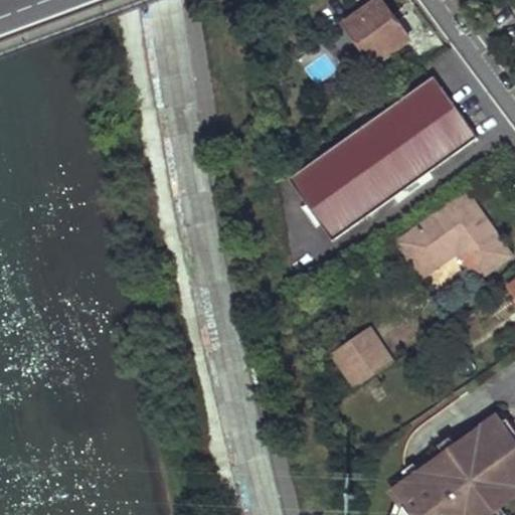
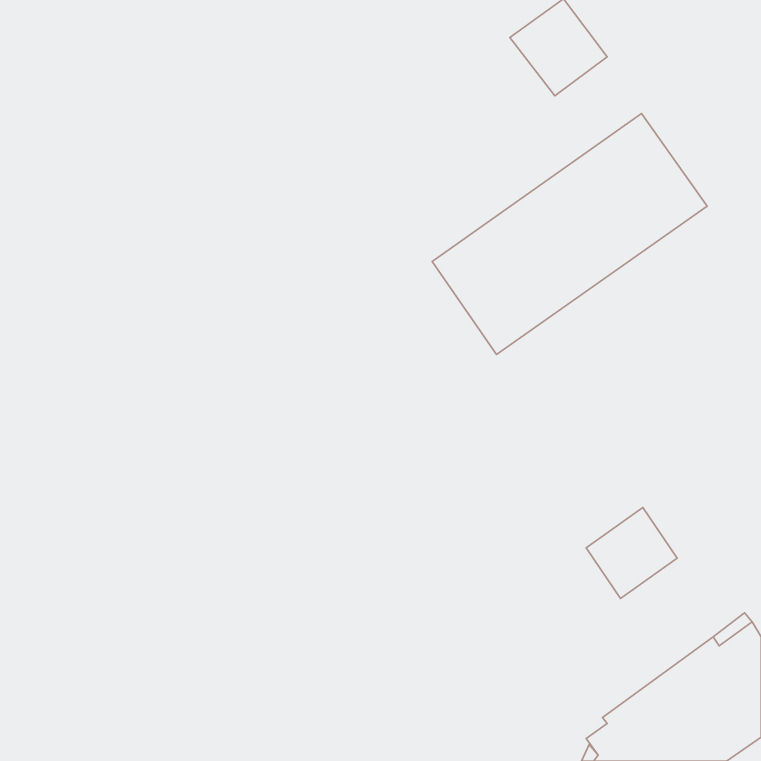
building: [395,189,507,276] -> none
building: [332,325,393,386] -> [586,507,677,599]

